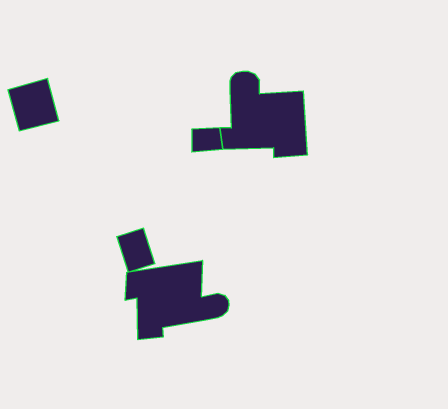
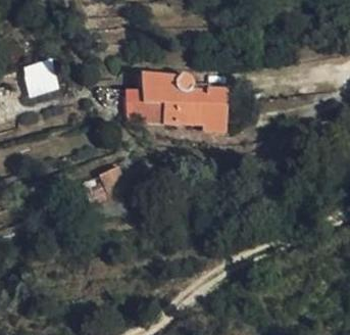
building: none -> [141,80,172,108]
building: [125,260,229,340] -> none

